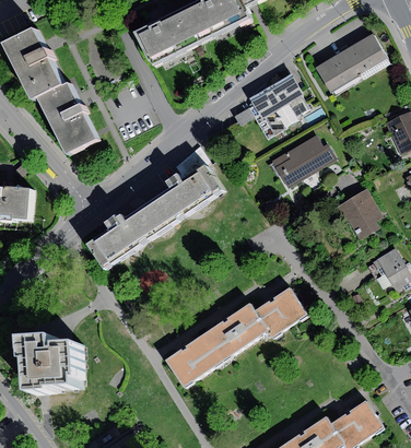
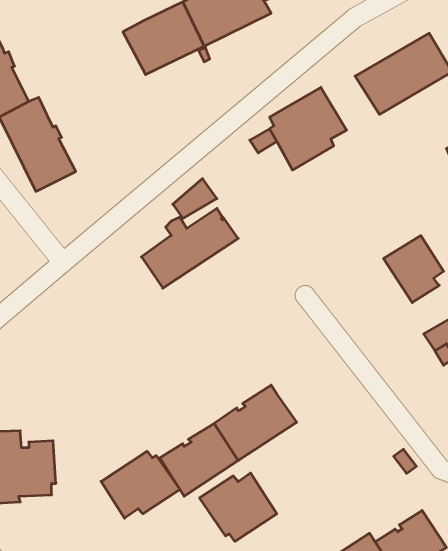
building: [269,133,334,187] -> none
building: [87,204,165,270] -> none
building: [253,286,306,338] -> none
building: none -> [101,451,180,518]
building: none -> [200,473,277,541]

